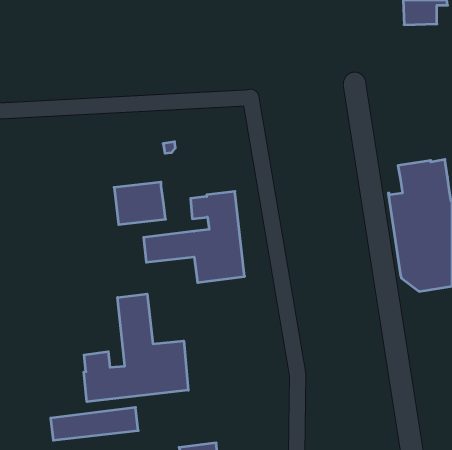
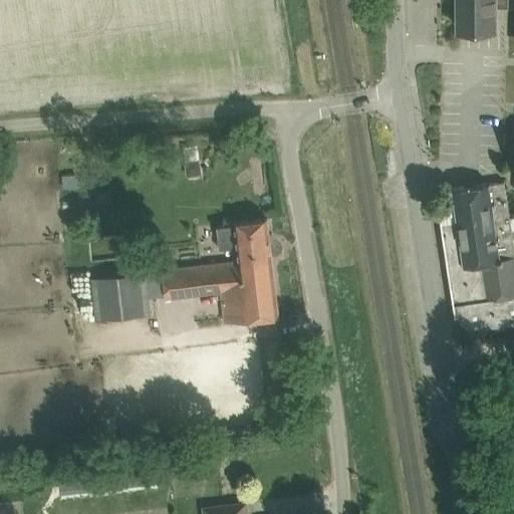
building: [114,182,166,225] -> [91,273,150,321]
building: [84,294,188,402] -> none

